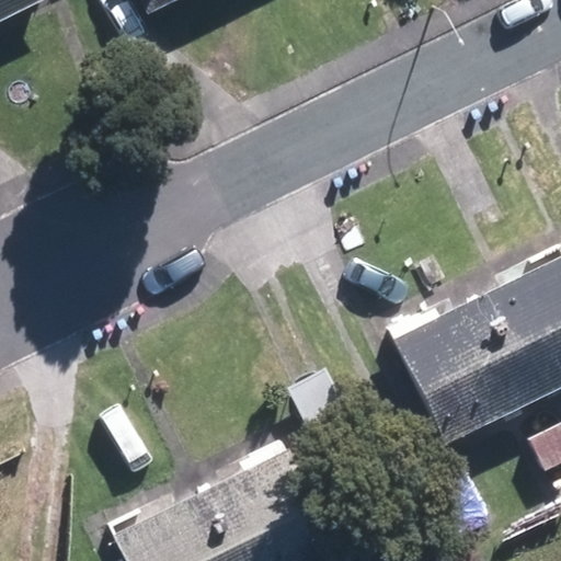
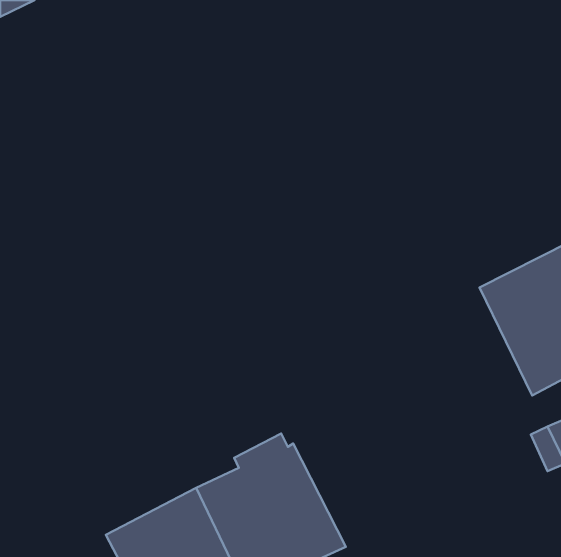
building: [391,295,531,445] -> none

